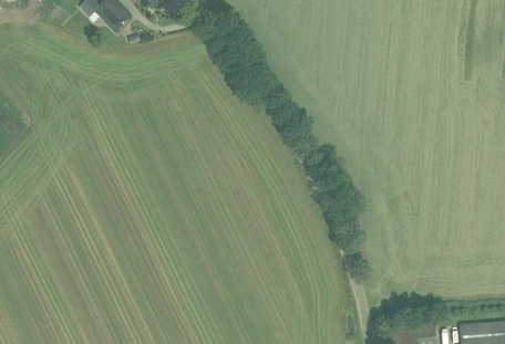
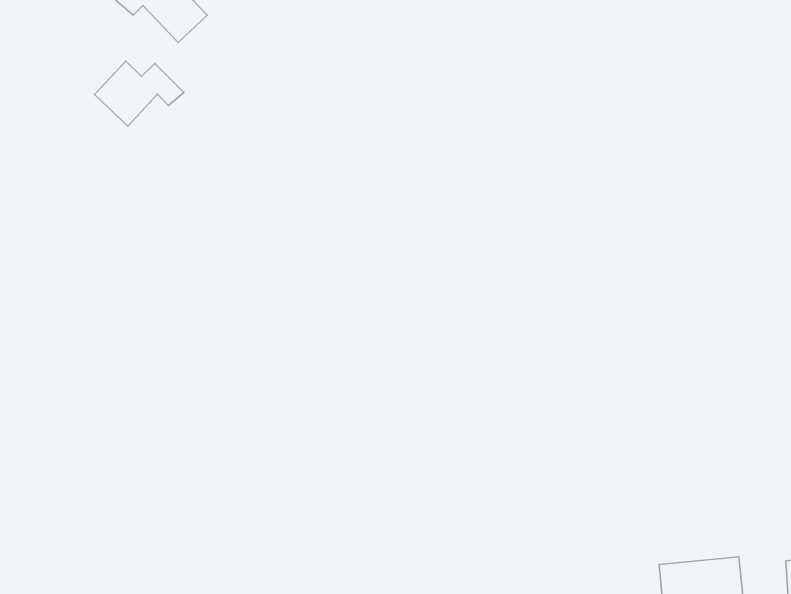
building: none -> [95,61,184,126]

